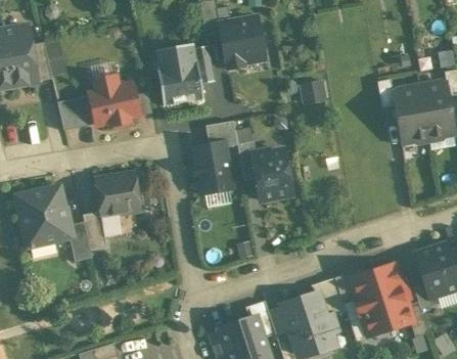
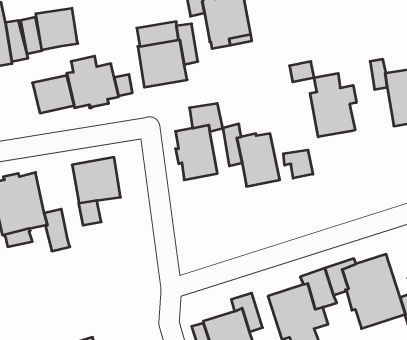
building: none -> [36,8,78,50]
building: none -> [310,73,356,137]
building: none -> [283,150,313,178]
building: [84,213,107,251] -> none

